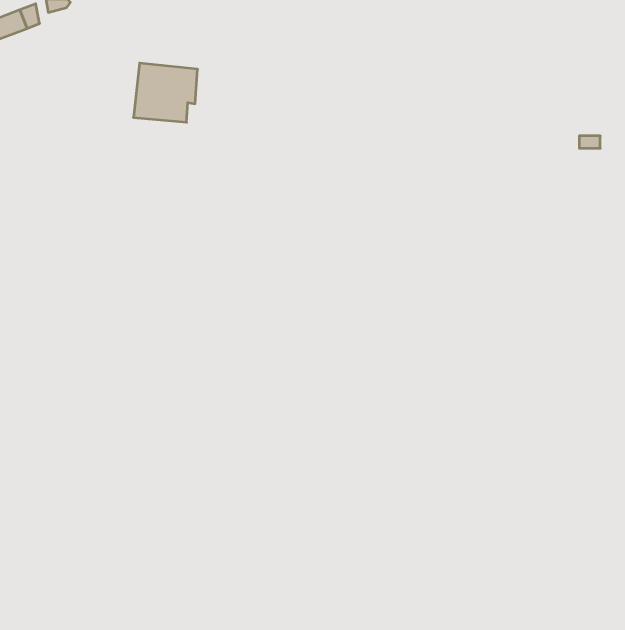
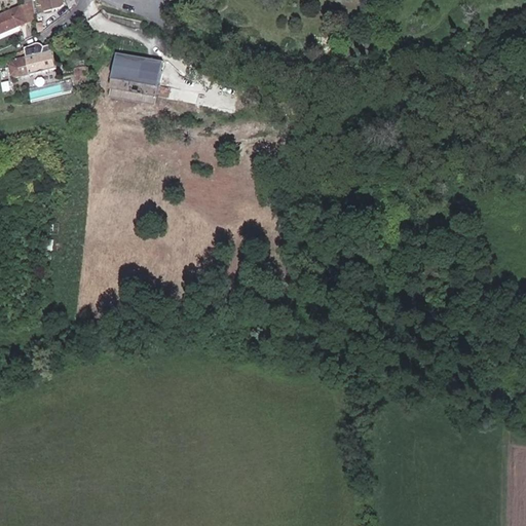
building: none -> [5,44,52,77]

